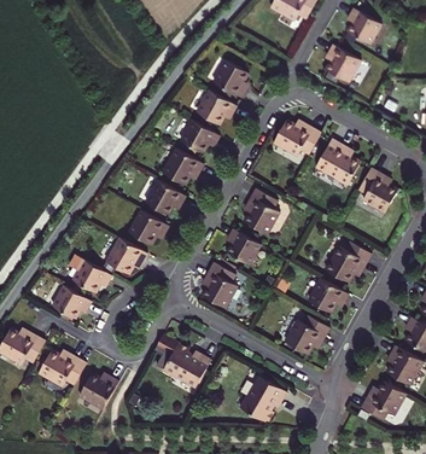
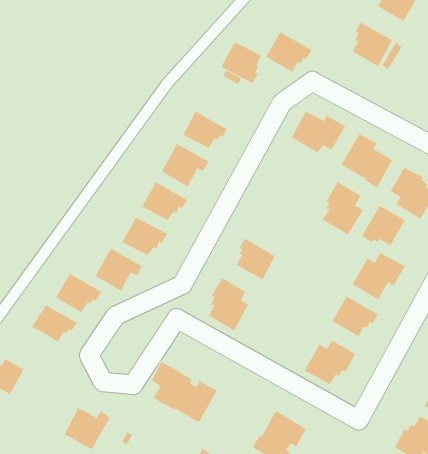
building: [197,89,237,124] -> [266,31,312,72]
building: [244,187,280,233] -> [322,182,364,235]
building: none -> [361,205,405,246]
building: [39,350,87,386] -> none

